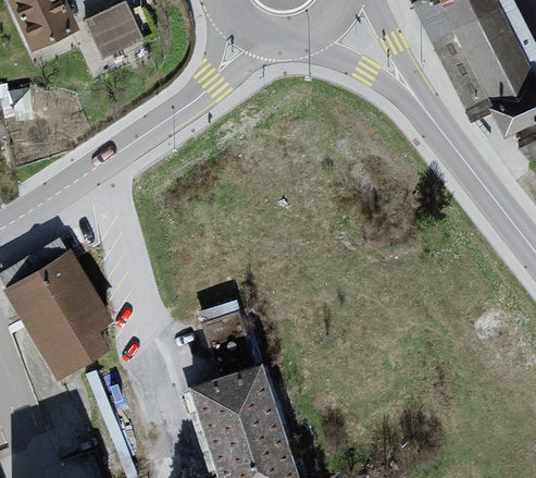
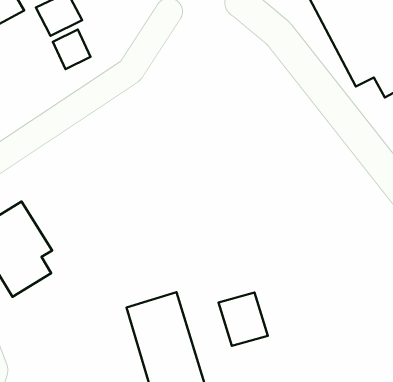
building: none -> [53,29,91,69]
building: none -> [218,292,268,346]

